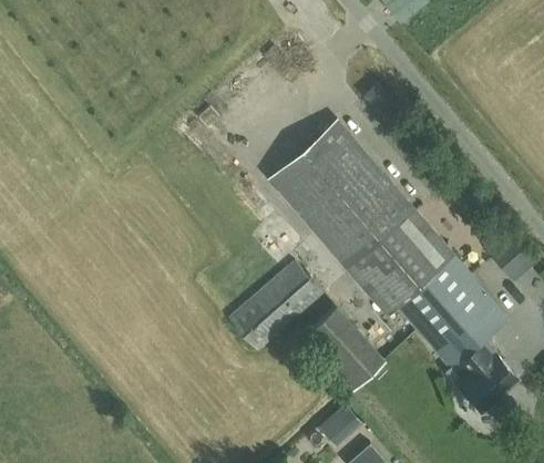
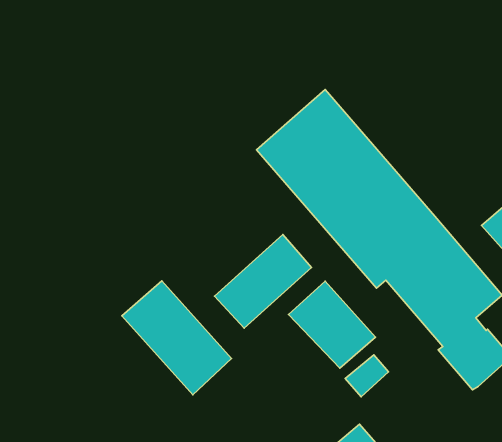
building: none -> [122,281,232,395]
building: [319,405,361,446] -> [345,355,389,397]

